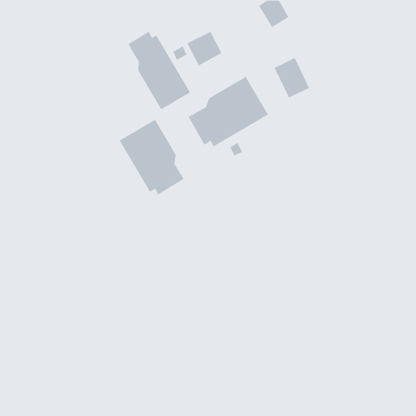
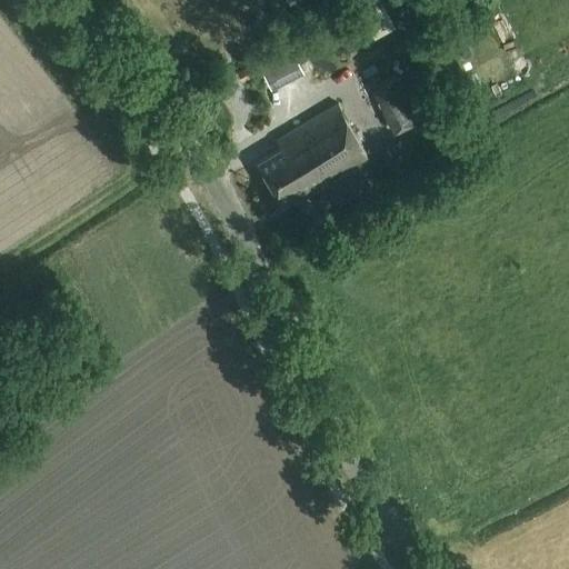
building: [127,31,191,110] -> none
building: [119,119,185,195] -> none

